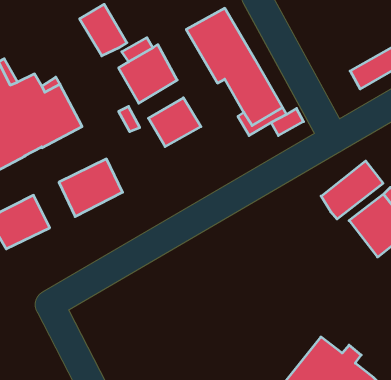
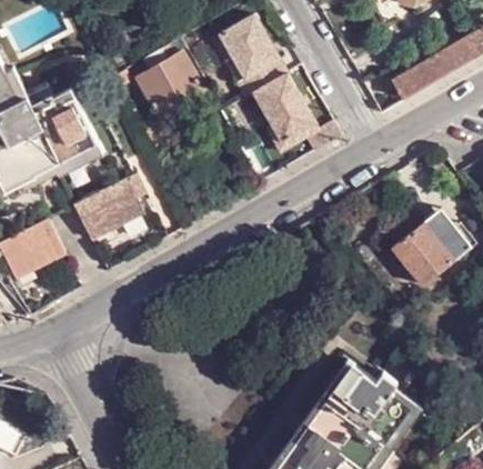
building: [80,4,127,56] -> none
building: [148,98,201,147] -> none
building: [321,161,383,219] -> none

